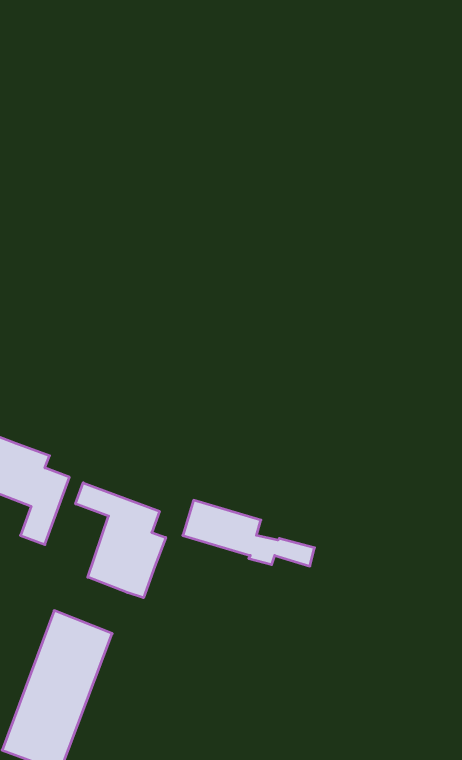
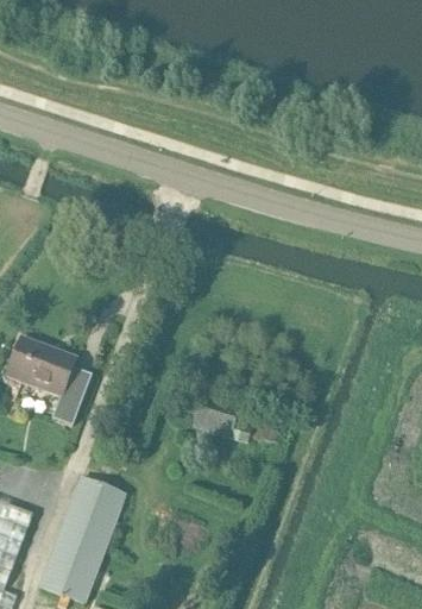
building: [76,483,166,598] -> none

